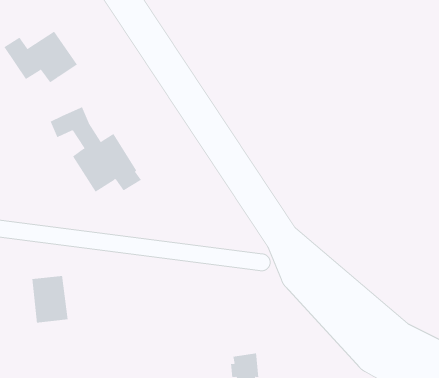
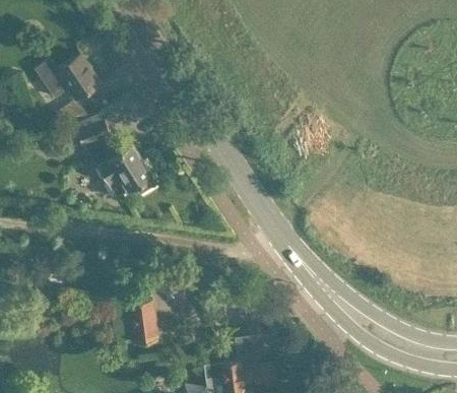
building: [31,275,69,323] -> [126,301,158,342]

